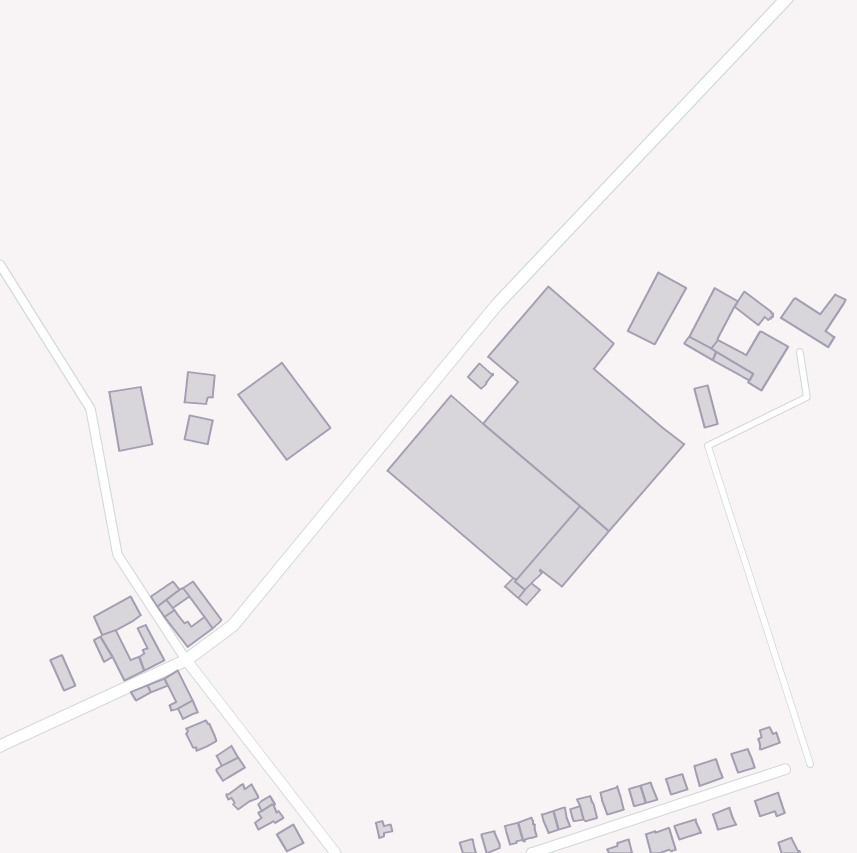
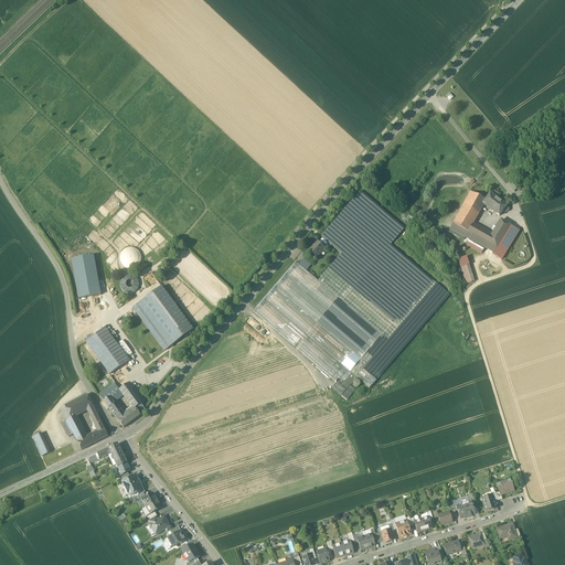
building: [628,272,686,344] -> none
building: [781,294,846,347] -> none
building: [238,363,330,460] -> [132,285,193,349]
building: none -> [86,327,129,373]

